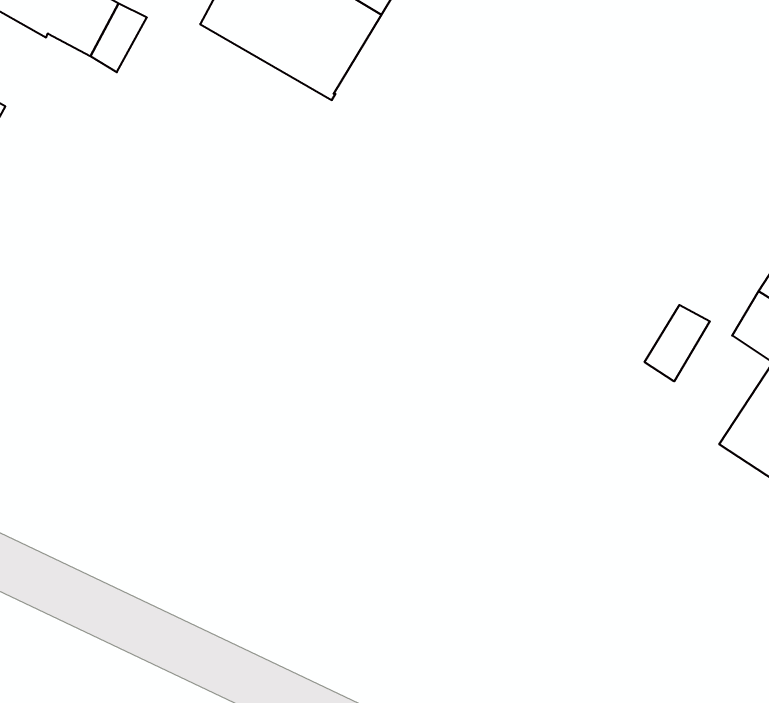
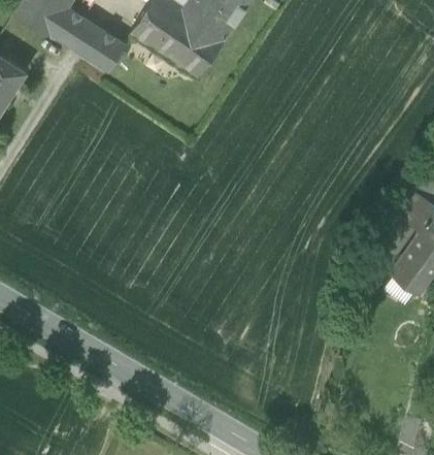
building: none -> [85,29,125,72]
building: [645,305,710,381] -> none

